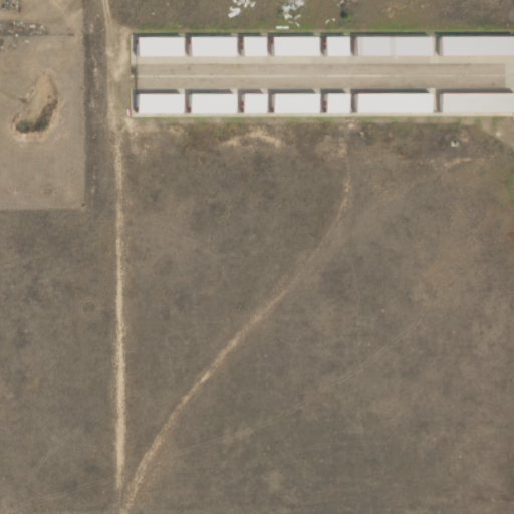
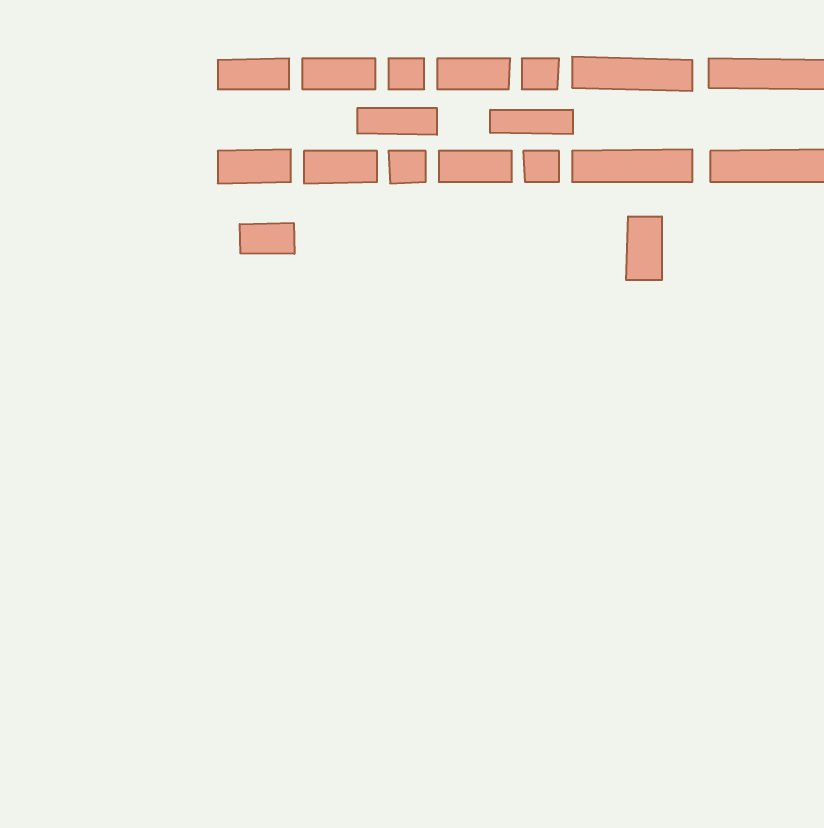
building: none -> [357,108,437,135]
building: none -> [490,110,573,134]
building: none -> [626,216,662,280]
building: none -> [240,223,294,254]

